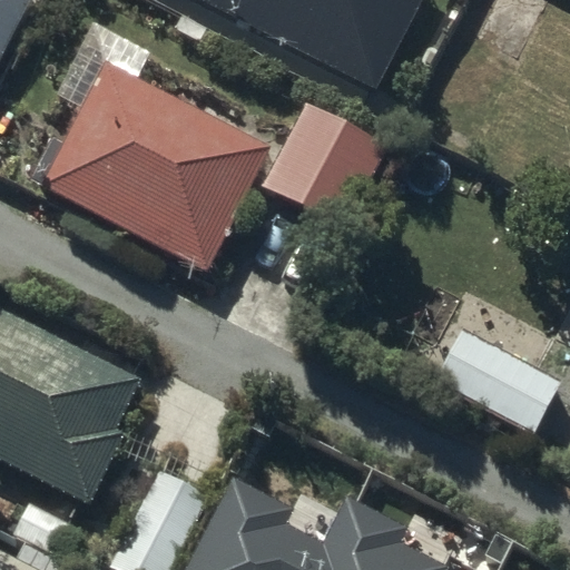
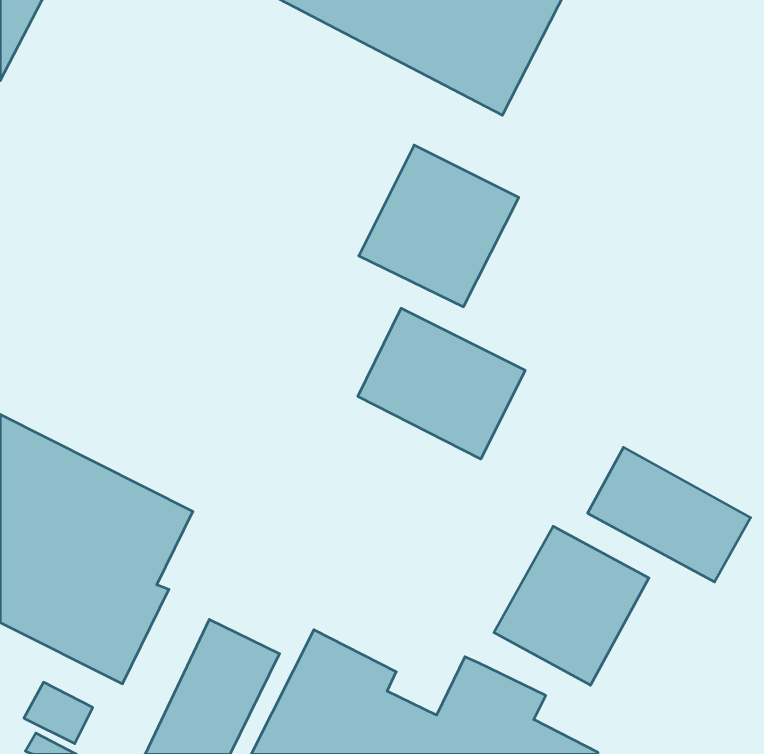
building: [42,65,271,271] -> none
building: none -> [358,308,525,459]
building: none -> [494,526,649,685]

